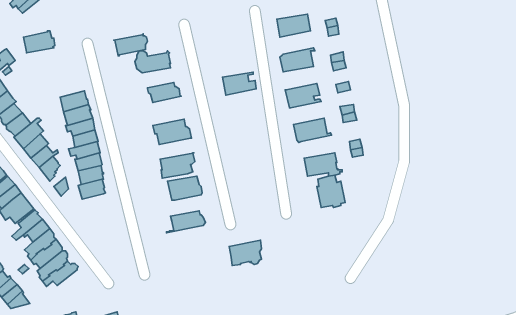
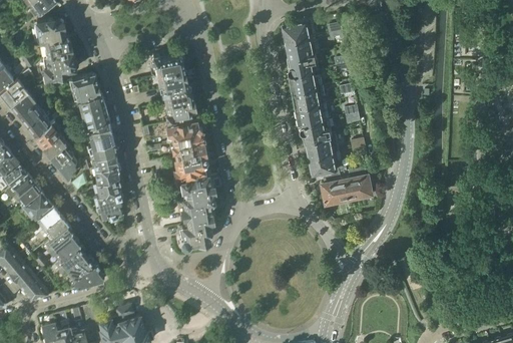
building: none -> [36,19,65,43]
building: none -> [287,36,319,58]
building: [114,34,147,56] -> [155,70,187,91]
building: none -> [42,52,78,87]
building: none -> [71,74,100,99]
building: [223,72,256,95] -> [290,70,322,92]
building: none -> [165,98,194,123]
building: none -> [297,103,329,125]
building: none -> [307,135,339,157]
building: none -> [171,138,207,158]
building: none -> [345,176,372,201]
building: none -> [96,192,121,221]
building: none -> [179,193,212,213]
building: [229,240,262,266] -> [178,223,209,247]
building: none -> [72,264,103,288]

